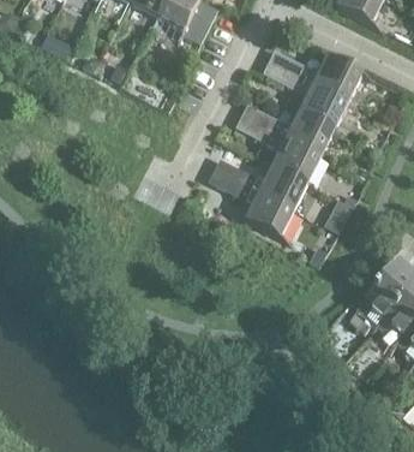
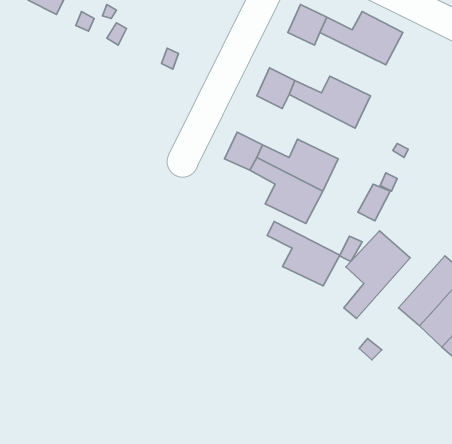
building: [288,72,349,126] -> none
building: [260,125,323,180] -> [267,221,340,286]
building: none -> [344,231,410,318]

